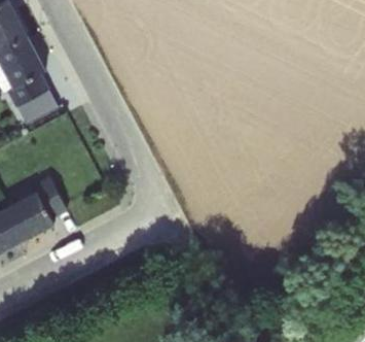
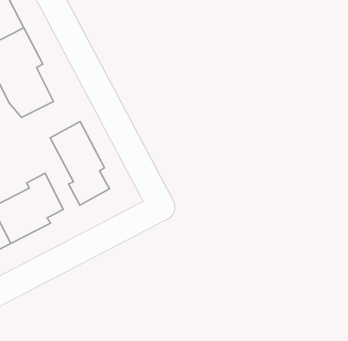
building: none -> [50,121,110,205]

